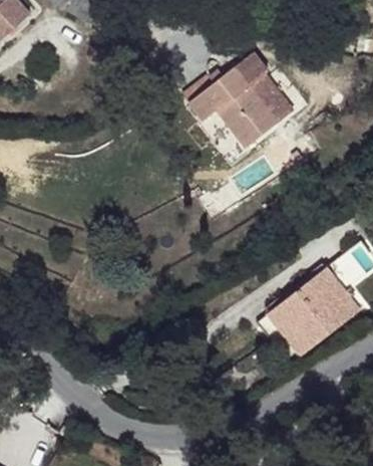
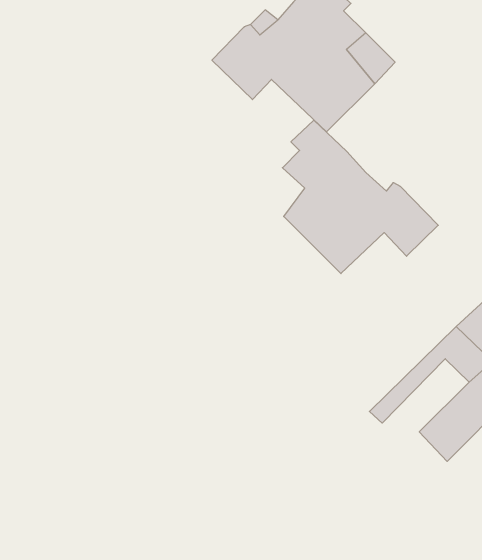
building: none -> [282,120,438,274]
building: [261,295,317,347] -> none

